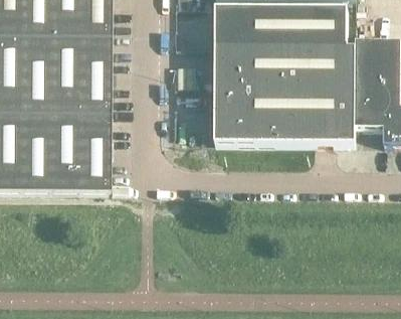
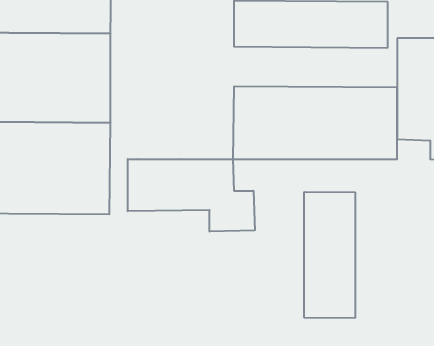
building: [214,46,354,82] -> none
building: none -> [128,159,255,232]
building: none -> [304,192,355,318]

